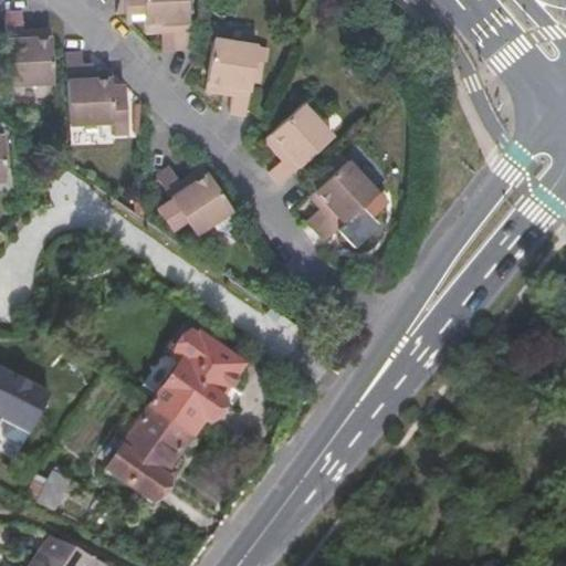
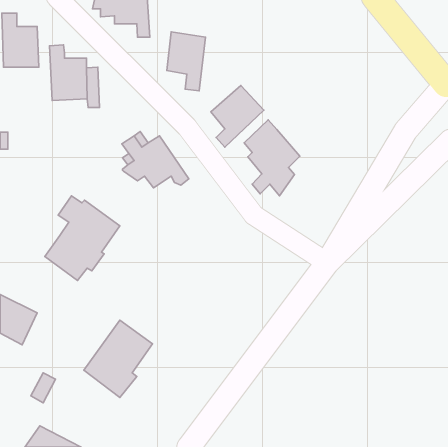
building: [154,325,248,431] -> [45,196,120,280]

